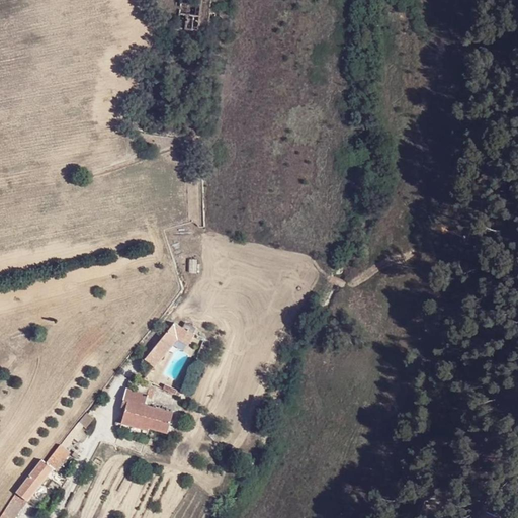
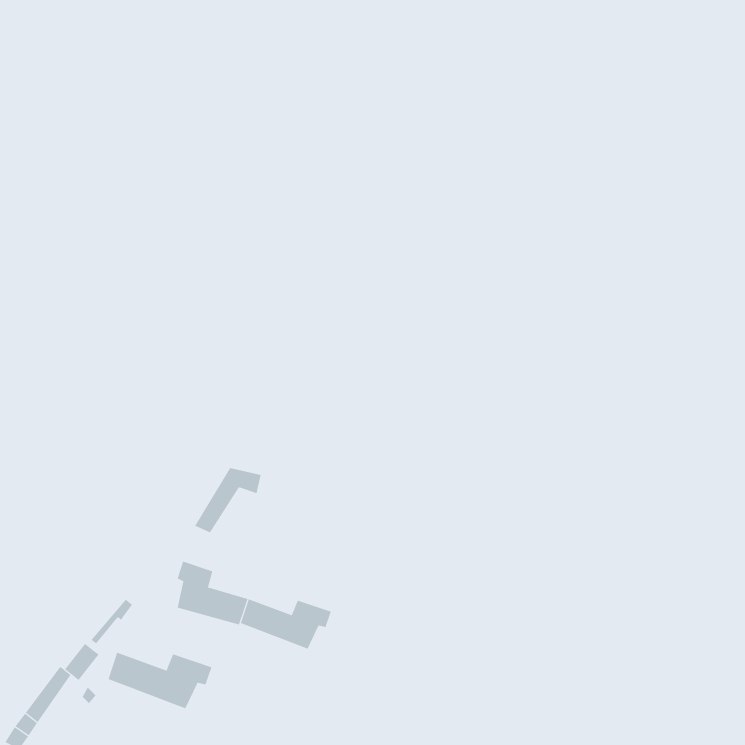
building: none -> [240,599,332,649]
building: none -> [108,652,212,709]

